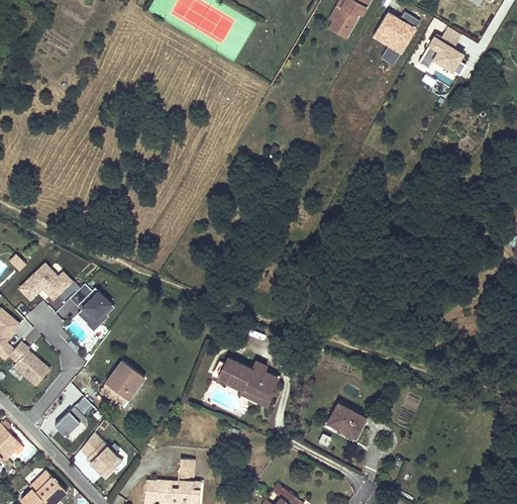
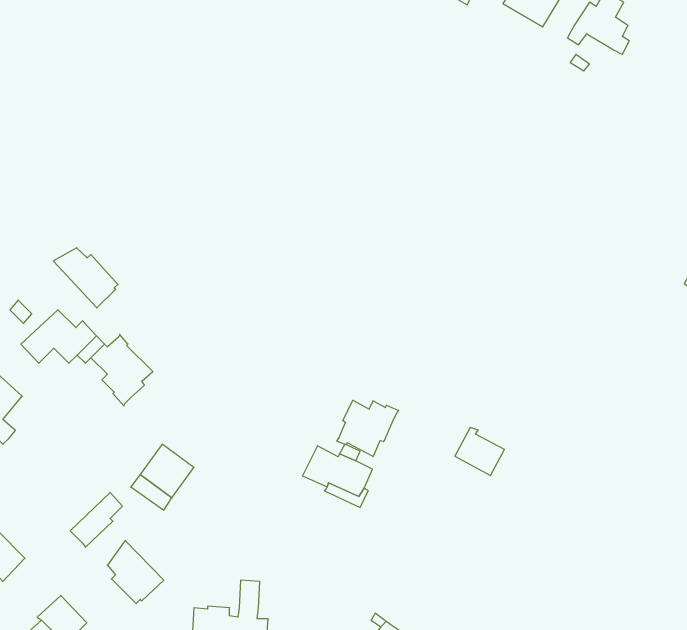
building: none -> [53,248,118,308]
building: none -> [337,400,399,457]
building: [8,342,49,387] -> none
building: [327,402,364,437] -> [455,427,504,475]

